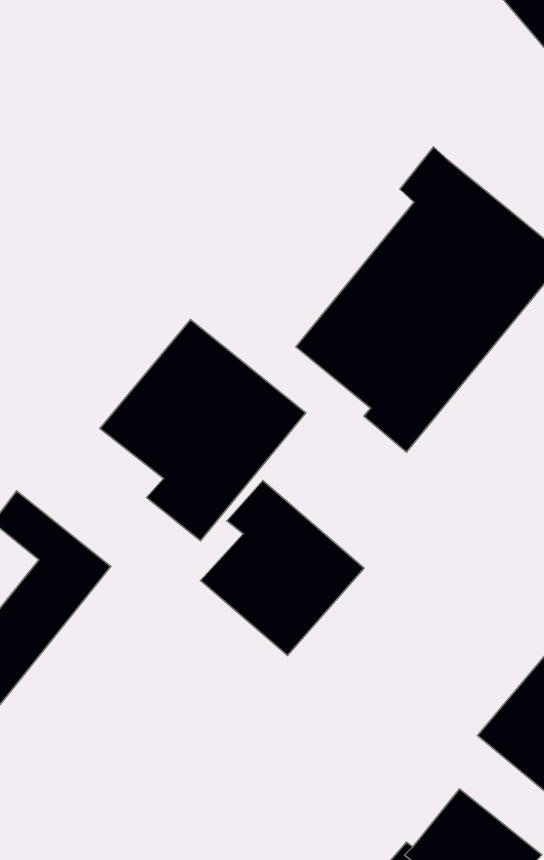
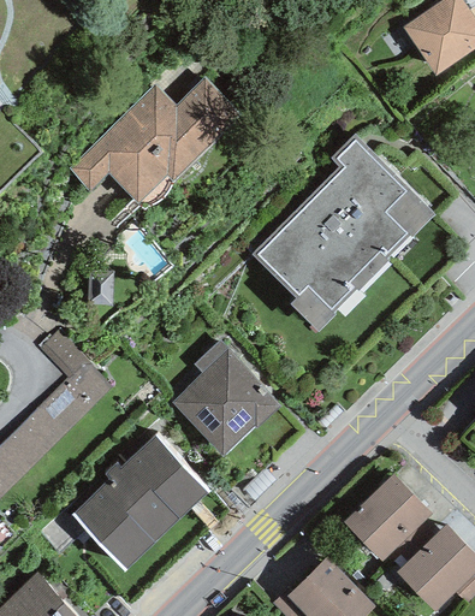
building: none -> [70,75,242,205]
building: [100,319,306,541] -> none
building: none -> [71,436,209,570]

